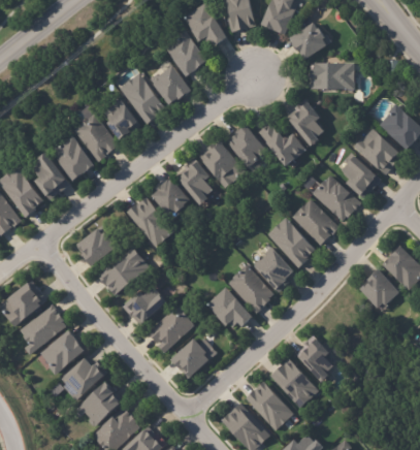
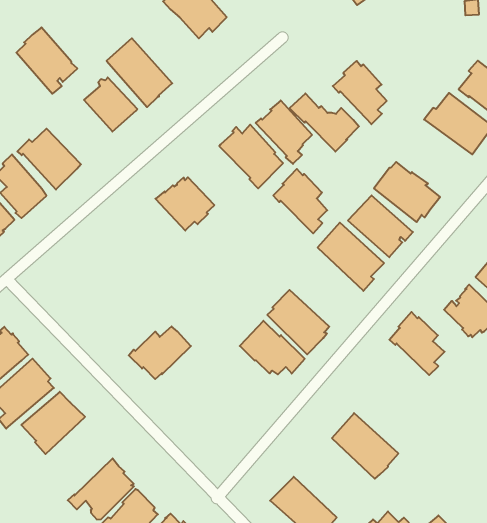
building: [310,61,355,89] -> none
building: [149,66,192,106] -> none
building: [74,112,119,162] -> [16,27,77,94]
building: [341,153,381,199] -> none
building: [174,158,214,206] -> [273,169,327,233]
building: [127,196,176,246] -> none
building: [76,227,119,265] -> none
building: [96,248,151,295] -> none
building: [255,251,294,294] -> none
building: [148,304,194,353] -> none
building: [295,336,335,384] -> [389,312,445,375]
building: [172,338,211,378] -> none
building: [61,357,107,400] -> none
building: [246,382,294,430] -> none

